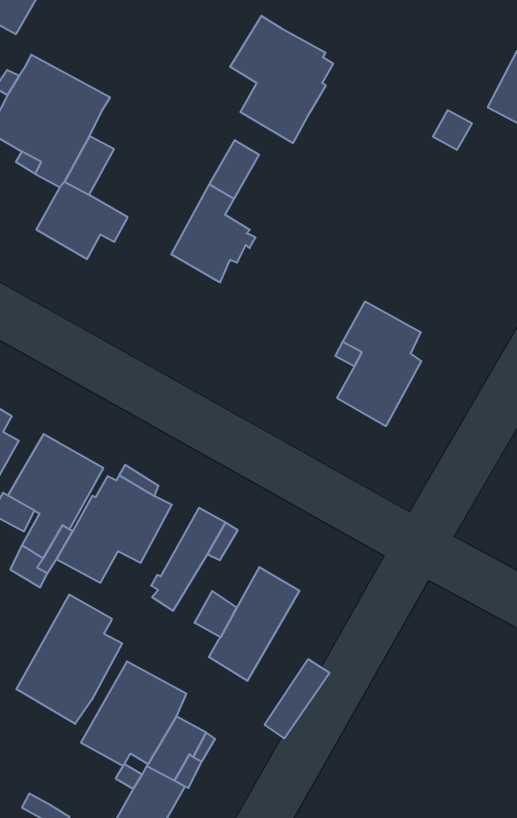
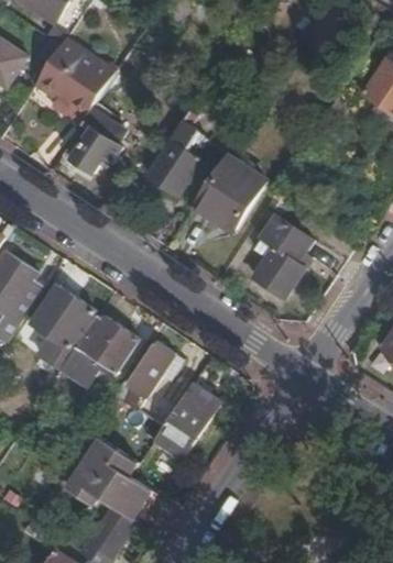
building: [230,16,333,143] -> none
building: none -> [193,154,265,232]
building: [16,595,122,724] -> none

